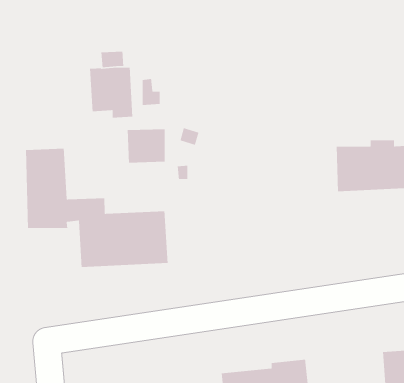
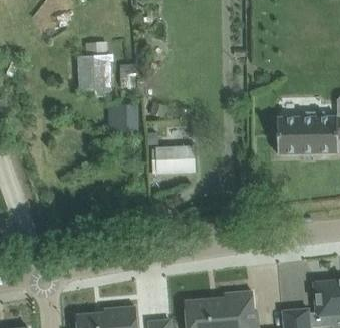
building: [25,148,169,268] -> none
building: none -> [155,147,194,174]

